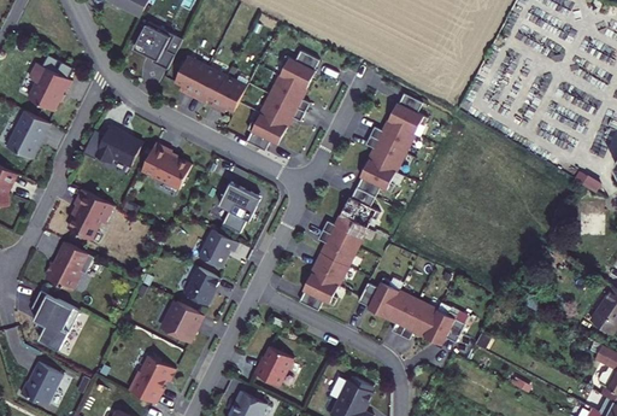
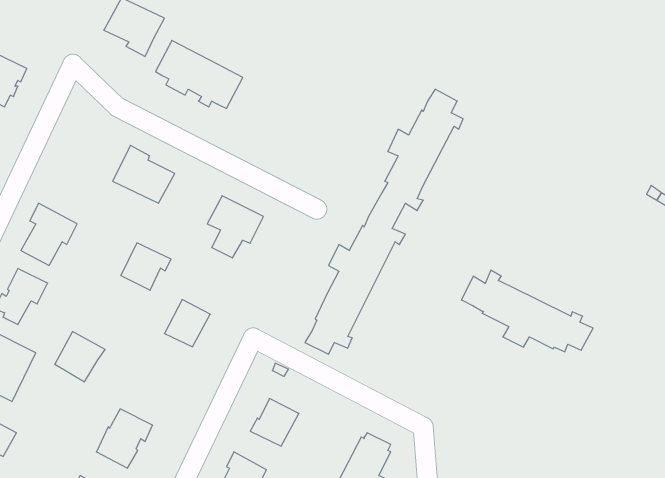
building: [246,49,319,151] -> none
building: [83,123,142,165] -> none
building: [198,229,239,268] -> [121,243,171,290]
building: [358,277,465,344] -> [461,270,593,352]
building: [161,300,202,341] -> [55,332,105,382]

